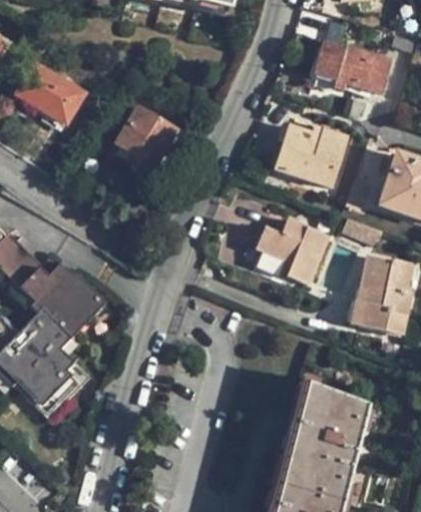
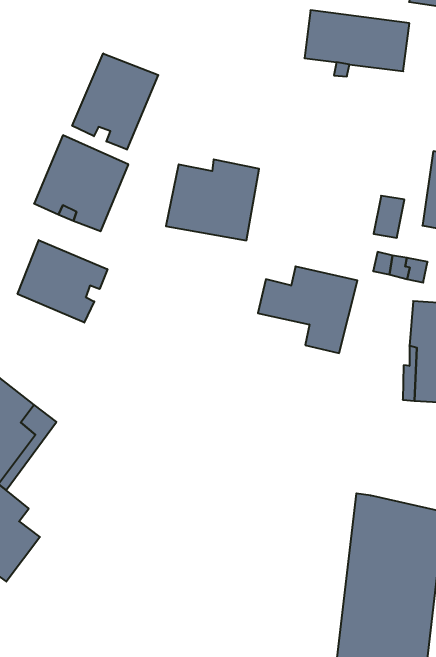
building: none -> [72,53,158,150]
building: [275,126,346,186] -> [166,159,259,240]
building: none -> [18,240,107,323]

